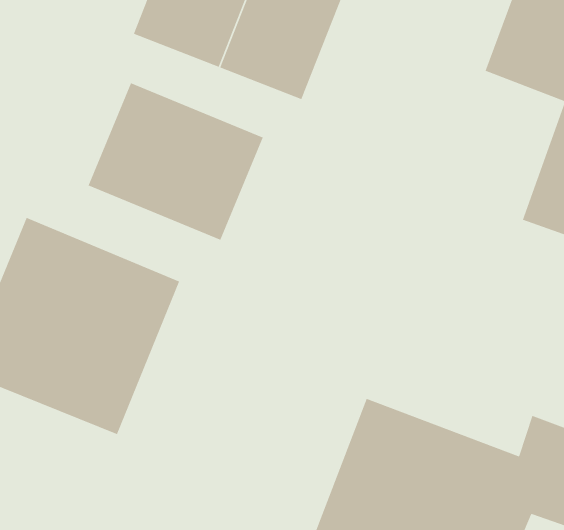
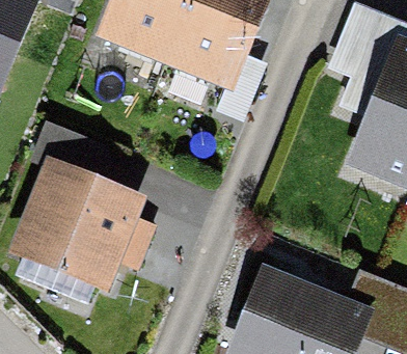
building: [87,82,264,241] -> none

